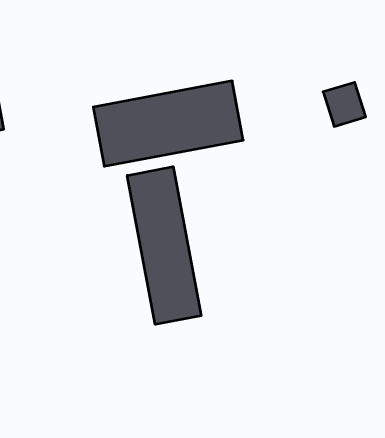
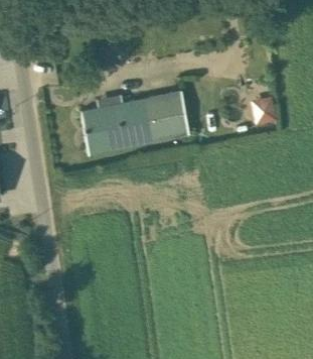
building: [127,167,201,324] -> none

